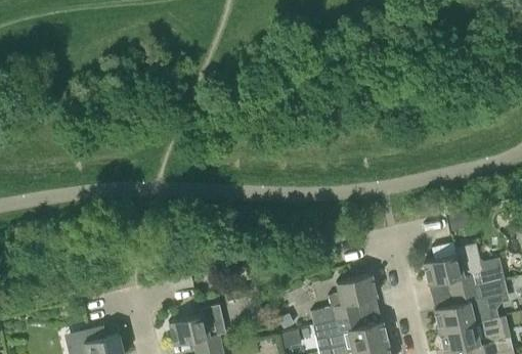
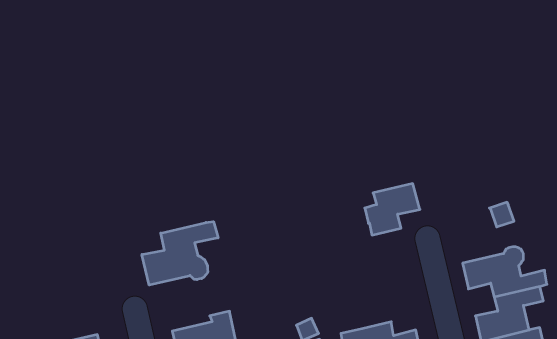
building: none -> [142,222,218,285]
building: [330,276,378,321] -> [365,184,420,235]

